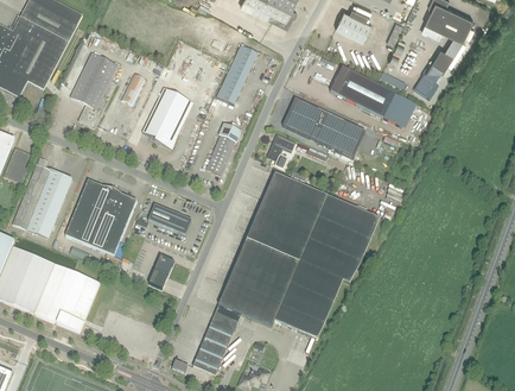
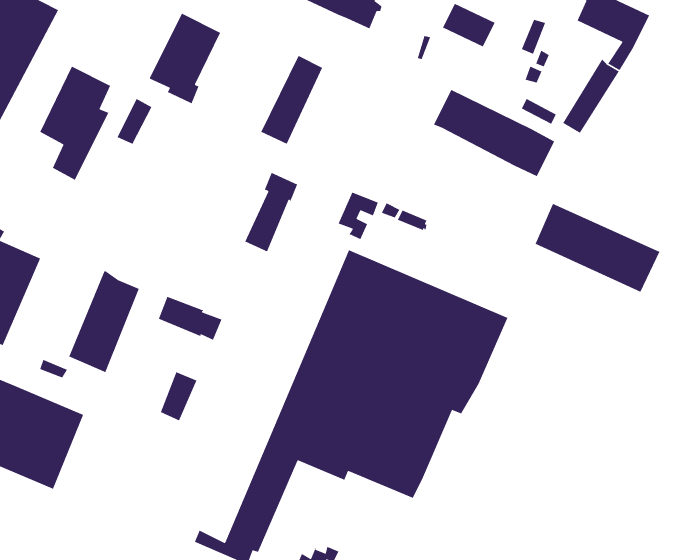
building: [142,88,190,150] -> [149,13,221,106]
building: [282,99,365,158] -> [535,203,660,293]
building: [65,179,113,245] -> none

